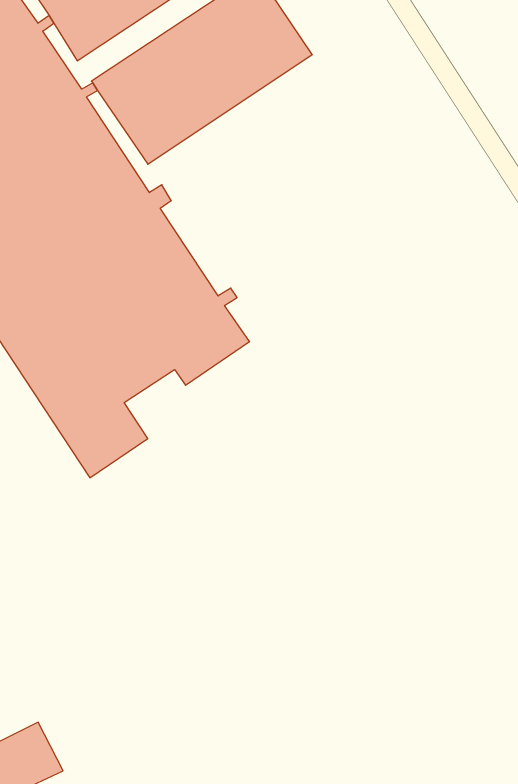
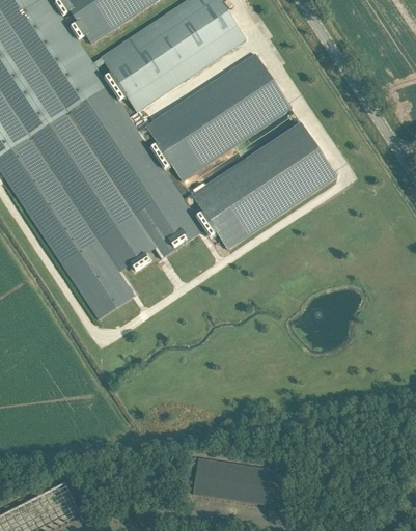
building: none -> [145,53,290,180]
building: none -> [191,121,336,249]
building: none -> [192,458,280,506]

